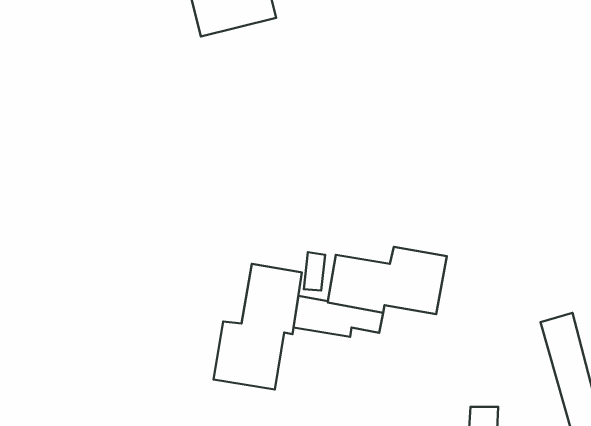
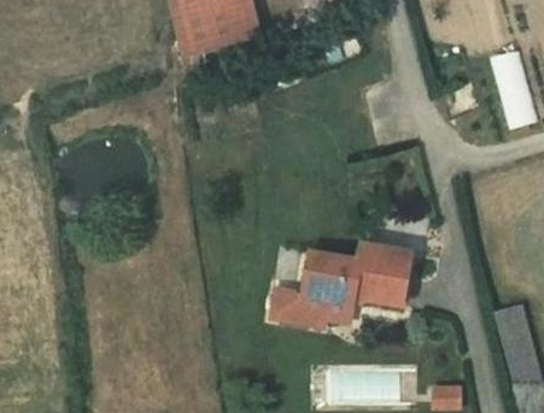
building: none -> [492,47,534,124]
building: [213,264,302,389] -> none

